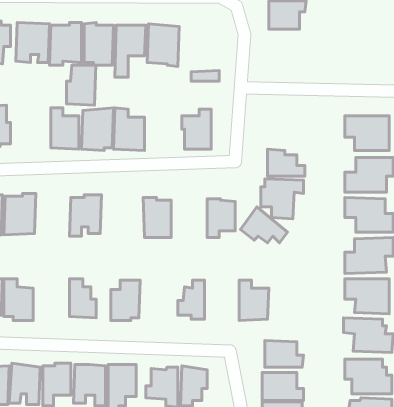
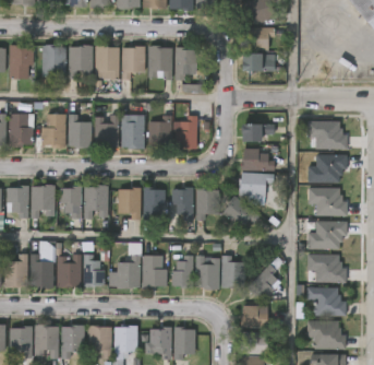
building: none -> [174,47,196,81]
building: none -> [242,54,275,72]
building: [66,65,96,105] -> [41,115,65,148]
building: none -> [148,116,172,146]
building: none -> [242,123,274,143]
building: none -> [60,187,82,220]
building: none -> [117,188,141,221]
building: none -> [171,188,193,220]
building: none -> [56,255,82,287]
building: none -> [142,256,167,289]
building: none -> [194,256,220,290]
building: none -> [248,264,278,303]

